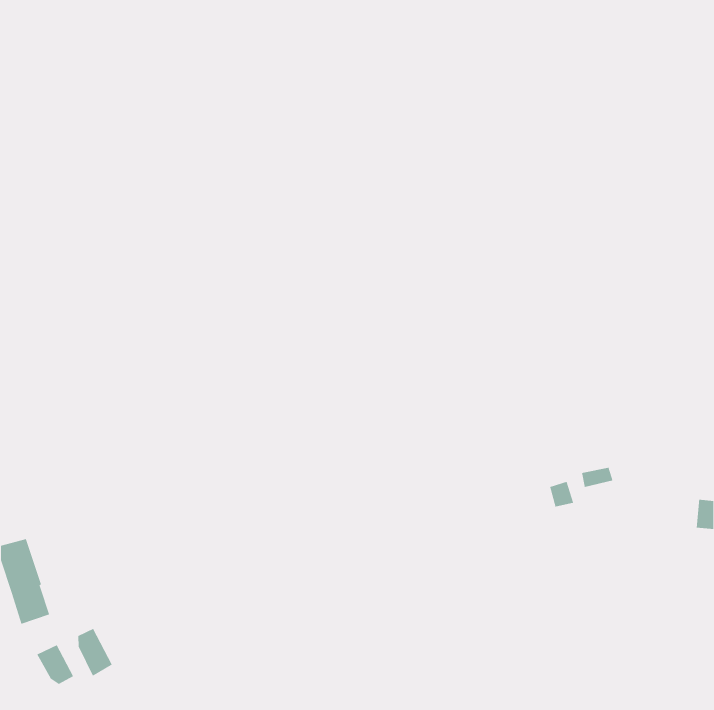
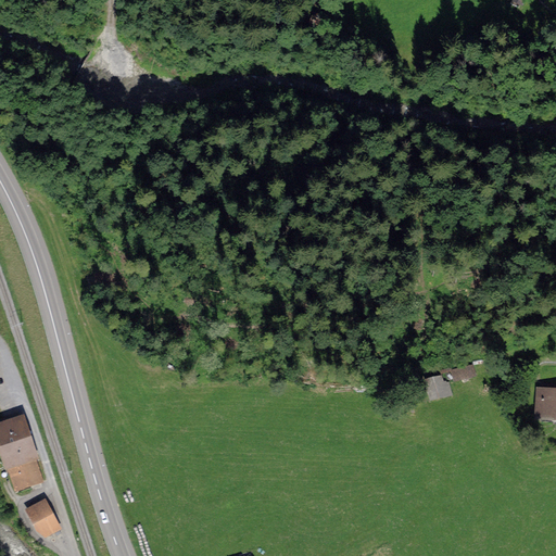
building: [78,628,113,677] -> none

